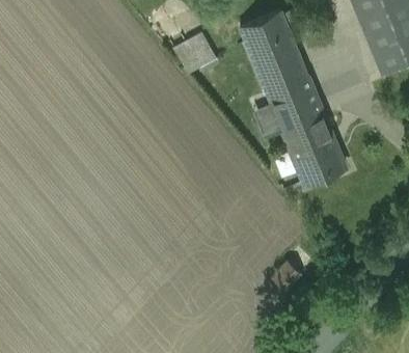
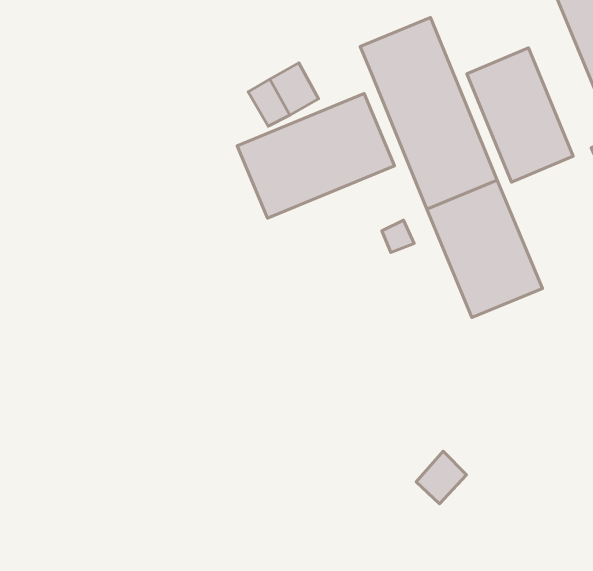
building: none -> [467,48,573,182]
building: none -> [237,94,394,218]

